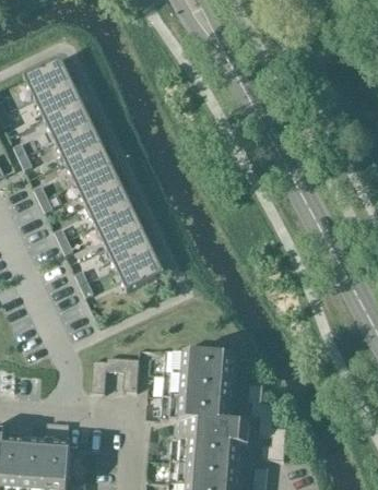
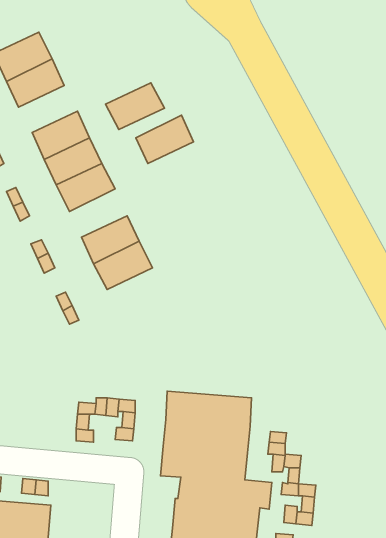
building: [45,101,93,140] -> [105,83,164,130]
building: [86,186,133,225] -> [136,115,193,163]
building: [117,250,165,290] -> none

